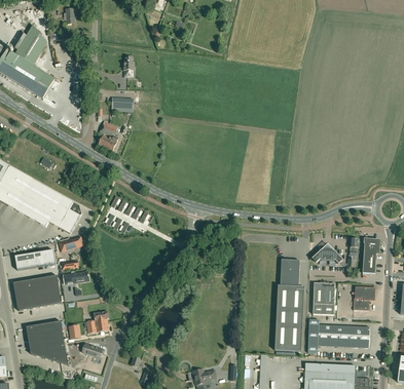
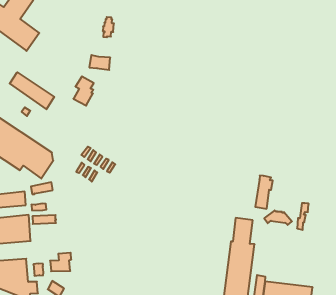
building: none -> [10,72,54,109]
building: [363,238,379,273] -> [255,176,273,209]
building: [314,282,335,314] -> none
building: [354,285,376,310] -> none

